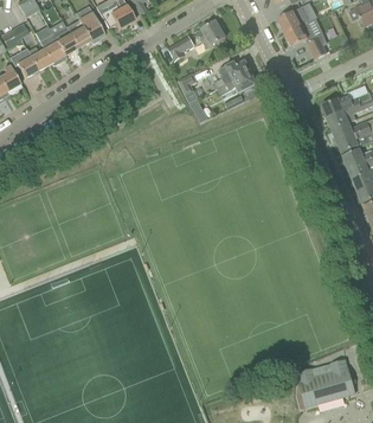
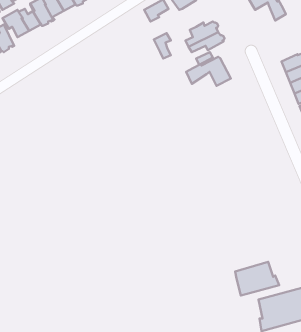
building: none -> [186,57,231,86]
building: none -> [235,262,279,296]

